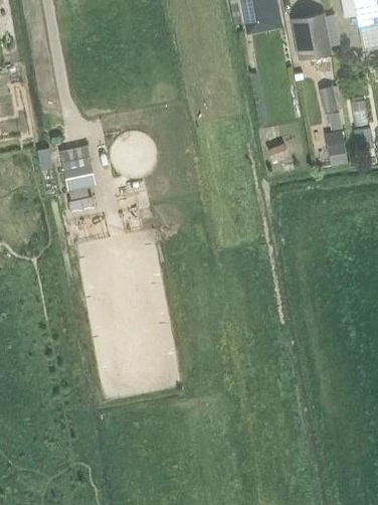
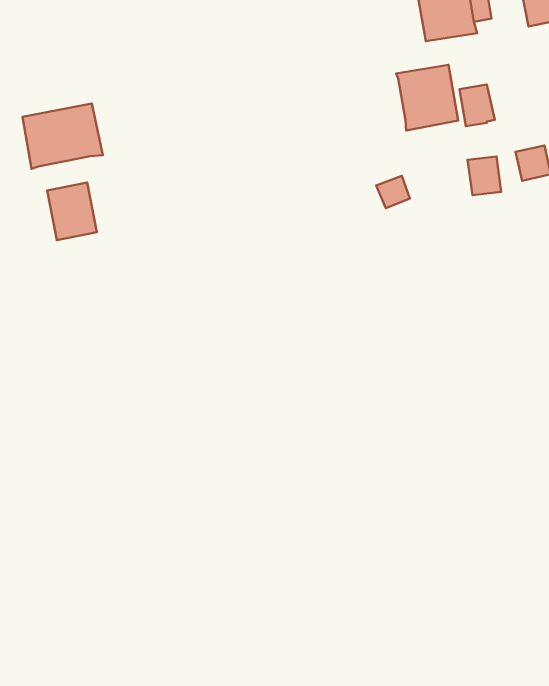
building: none -> [396,65,458,130]
building: none -> [22,104,103,169]

